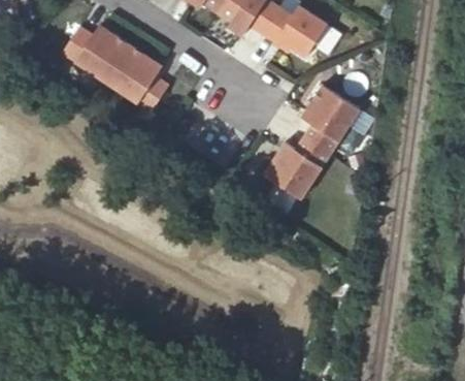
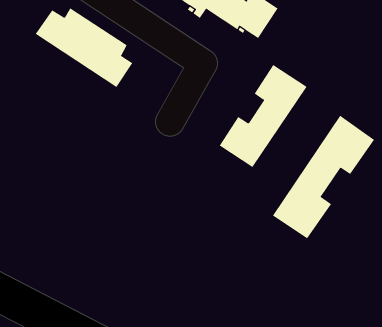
building: none -> [272,115,375,239]

